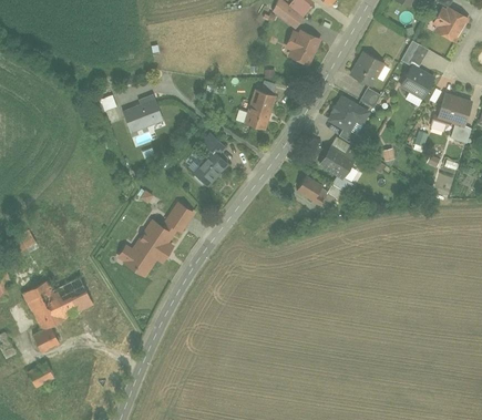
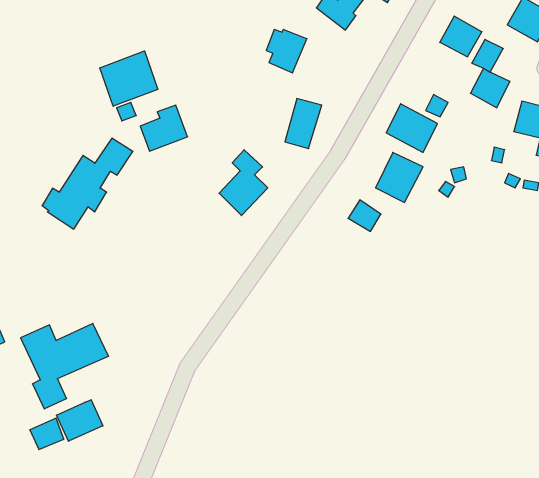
building: [285,33,319,70] -> [266,30,307,73]
building: none -> [100,51,158,106]
building: [350,50,386,84] -> [440,16,482,57]
building: [117,202,194,278] -> [42,138,133,229]
building: none -> [57,400,103,441]

